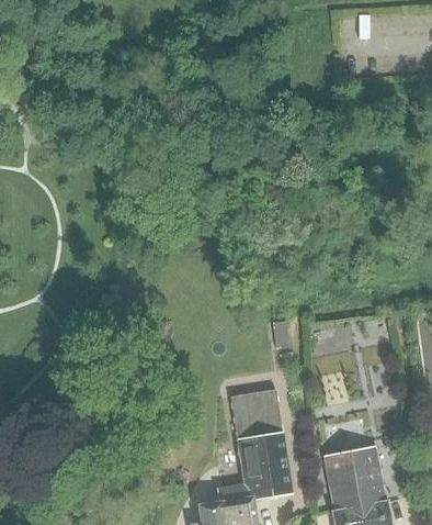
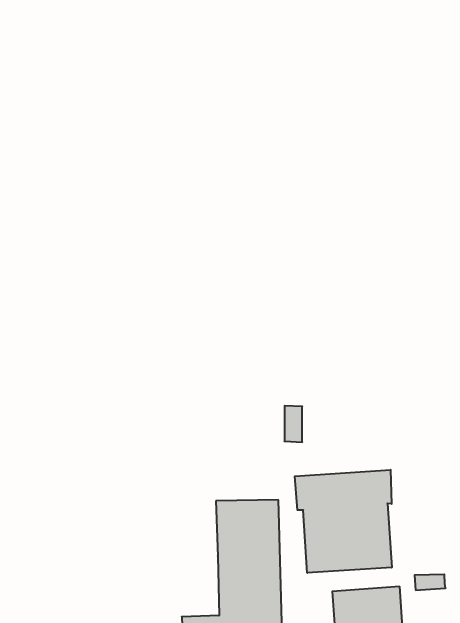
building: none -> [295,470,392,573]

